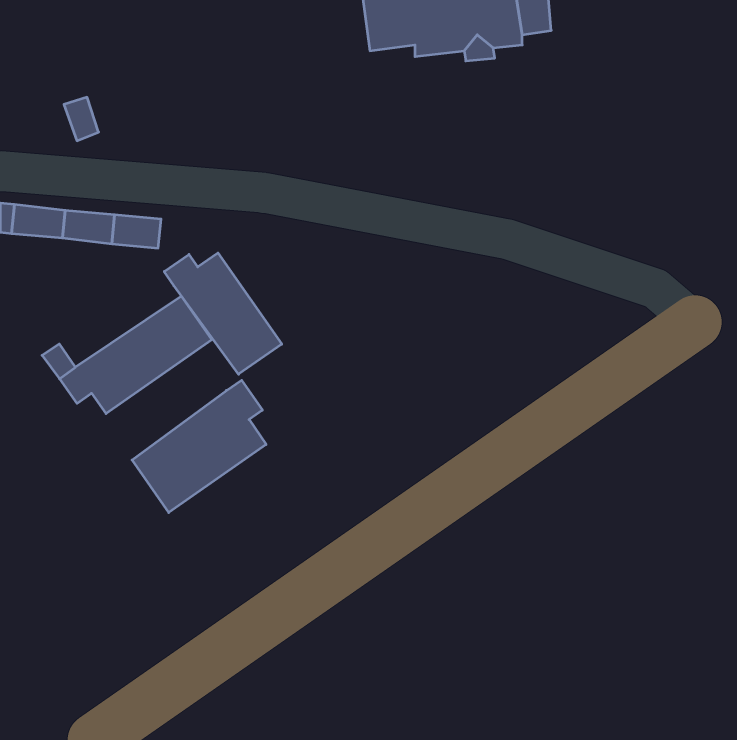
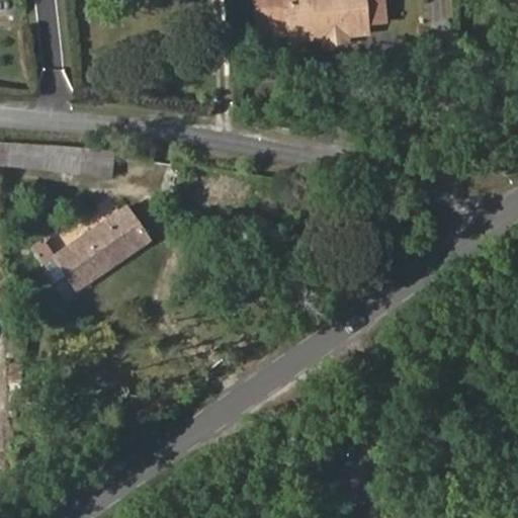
building: [164,253,282,374] -> none
building: [132,380,266,513] -> none

